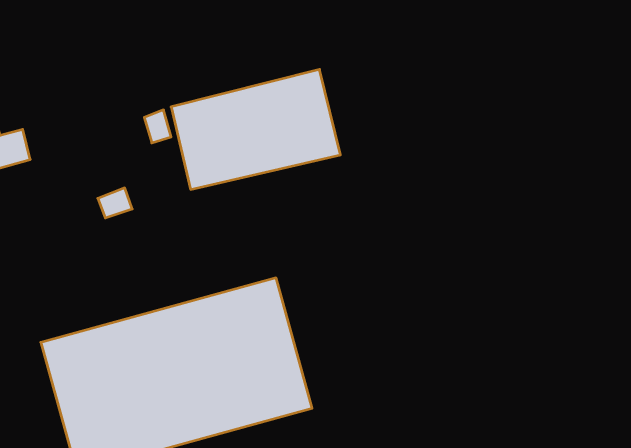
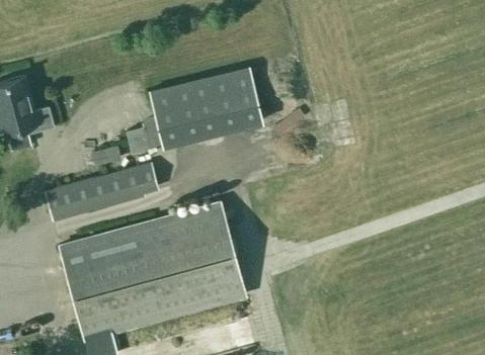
building: none -> [125,126,155,155]
building: none -> [45,162,170,224]

